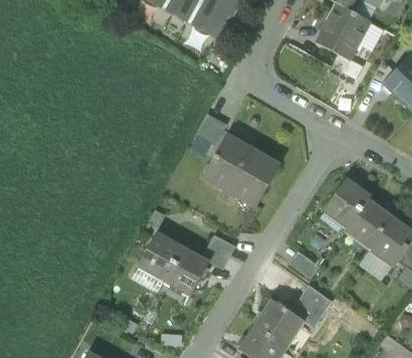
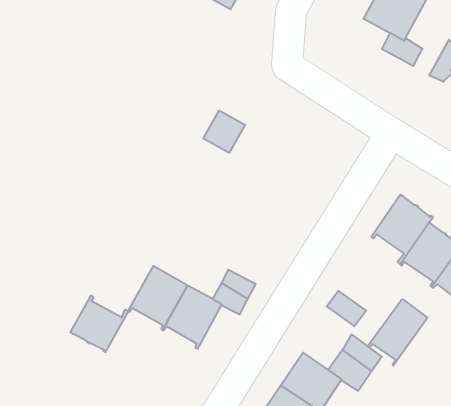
building: [203,135,279,207] -> none
building: none -> [70,296,129,352]
building: none -> [368,299,427,366]

